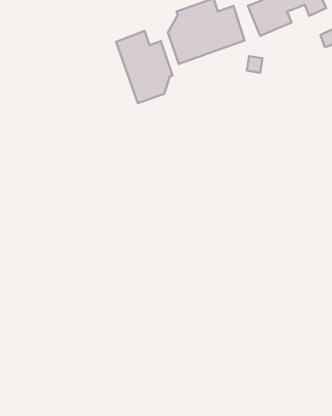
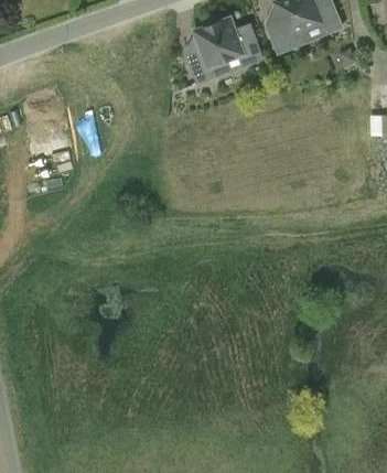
building: [116,31,173,103] -> none

